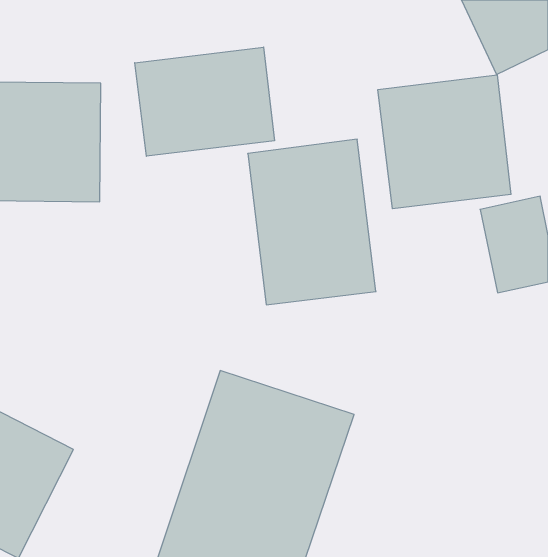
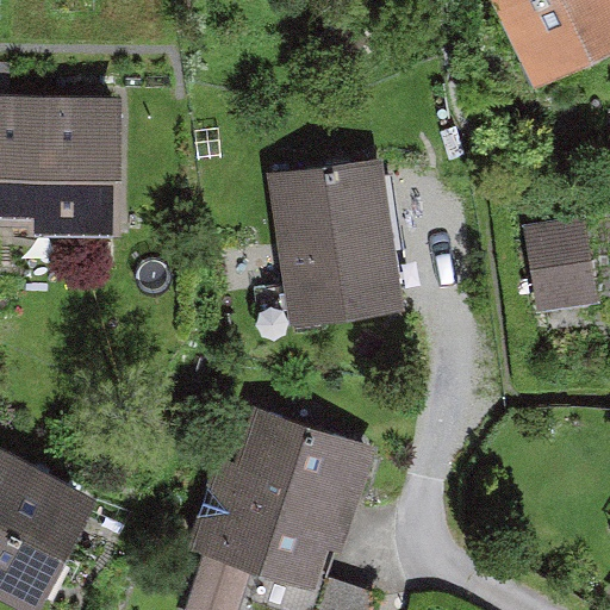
building: [135,47,274,156] -> none
building: [378,75,511,209] -> none

